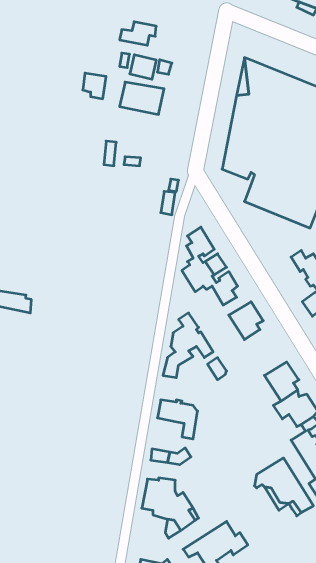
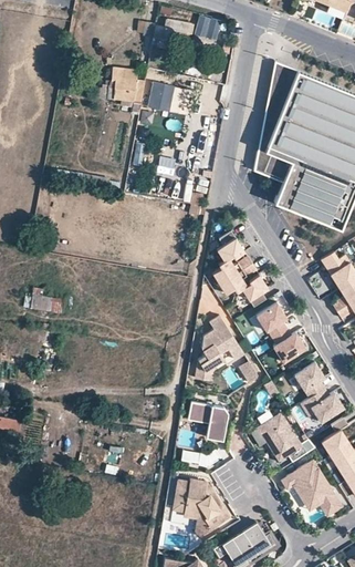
building: [130,55,156,79] -> [197,17,223,41]
building: none -> [274,333,311,368]
building: none -> [258,412,303,461]

